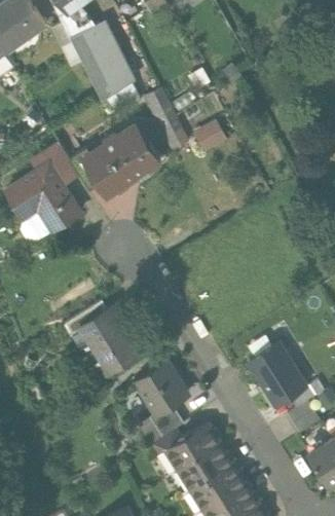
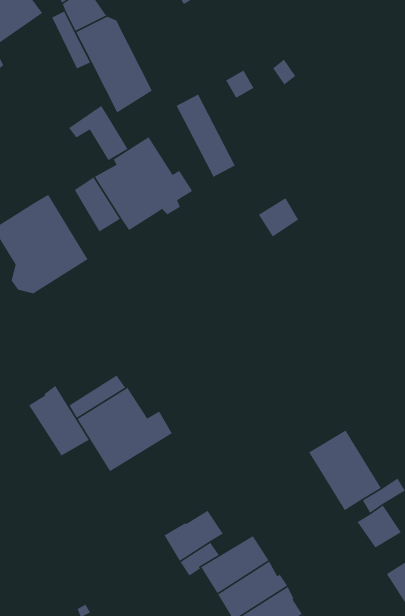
building: [192,119,224,150] -> [258,197,299,237]
building: [34,143,80,186] -> [68,105,128,161]
building: none -> [28,385,90,457]
building: [137,363,189,415] -> none

